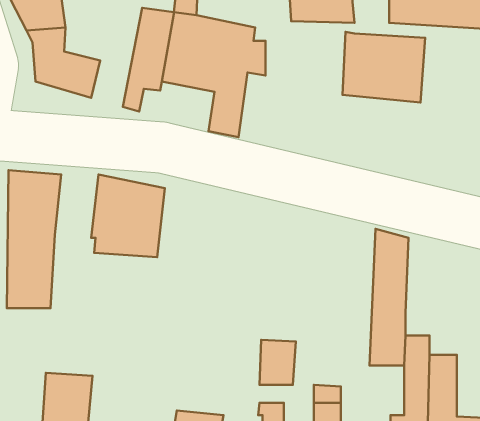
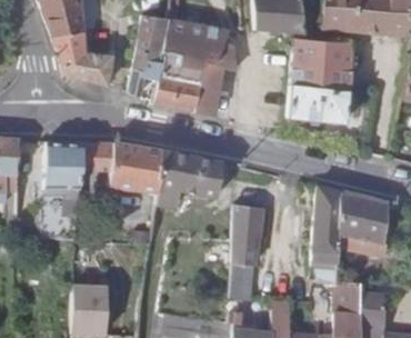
building: none -> [152,73,198,110]
building: none -> [290,83,350,122]
building: none -> [80,142,112,189]
building: none -> [153,152,222,220]
building: none -> [339,189,387,246]
building: none -> [232,201,263,266]

